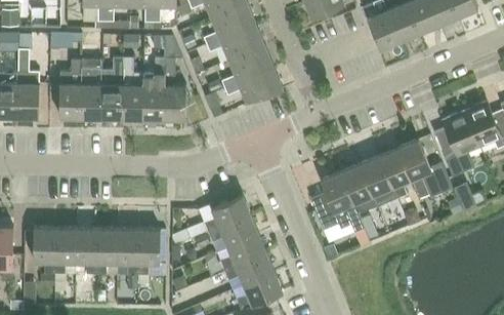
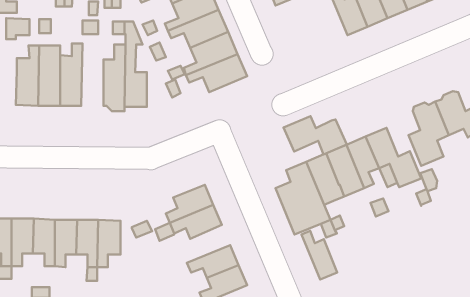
building: [122,57,143,118] -> none
building: none -> [283,116,347,154]
building: [220,234,266,271] -> none
building: none -> [301,231,337,279]

